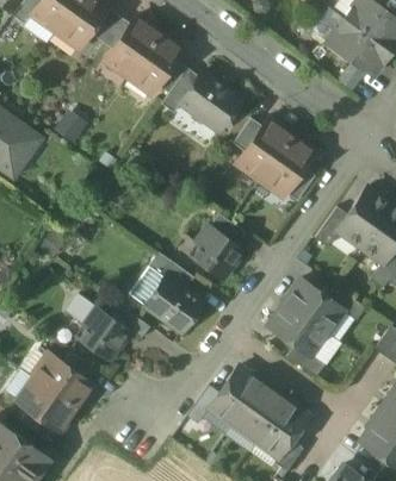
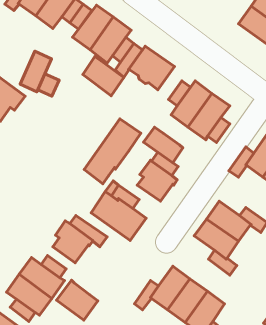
building: none -> [20,51,51,92]
building: none -> [83,56,124,96]
building: none -> [84,119,141,184]
building: none -> [144,127,183,163]
building: none -> [56,280,98,320]

